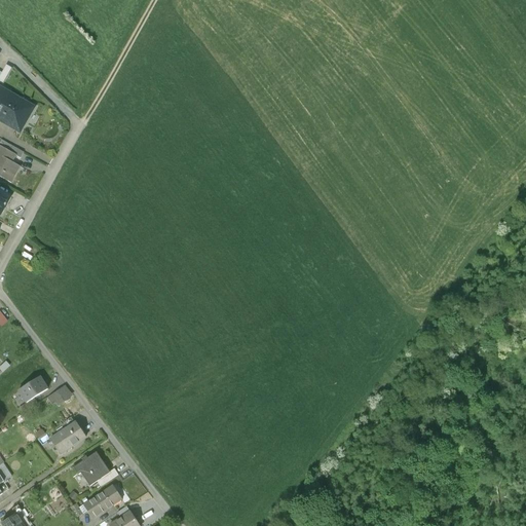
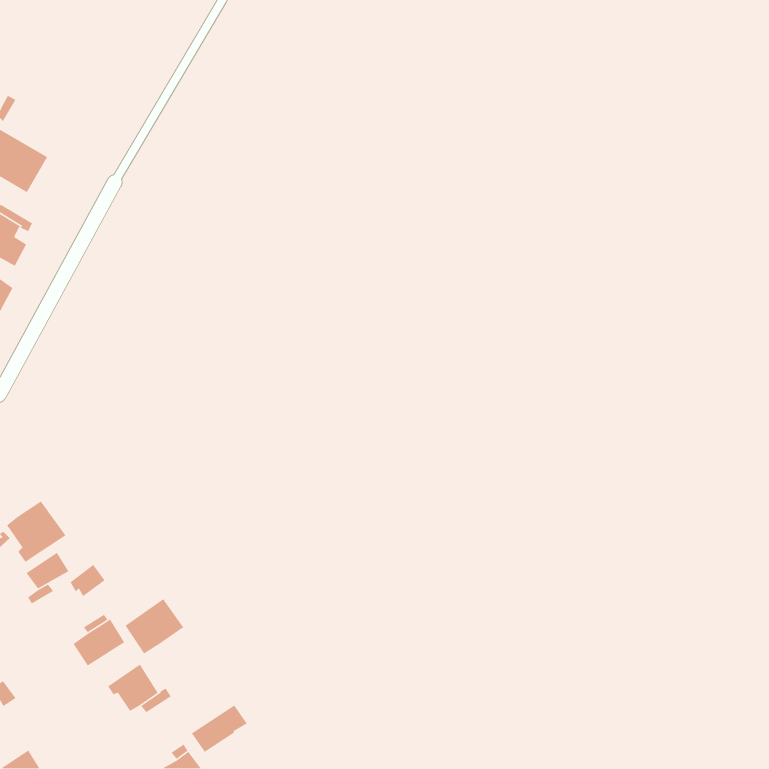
building: none -> [6,500,66,563]
building: none -> [124,598,184,654]
building: [82,486,121,519] -> [191,705,248,753]

